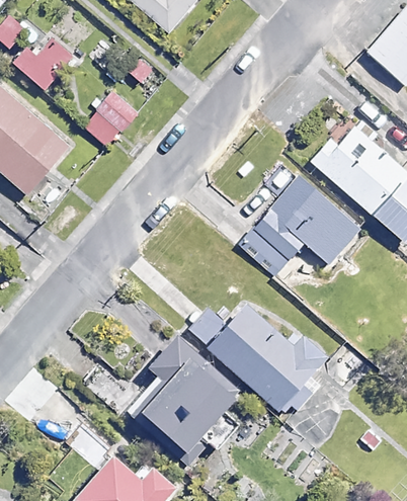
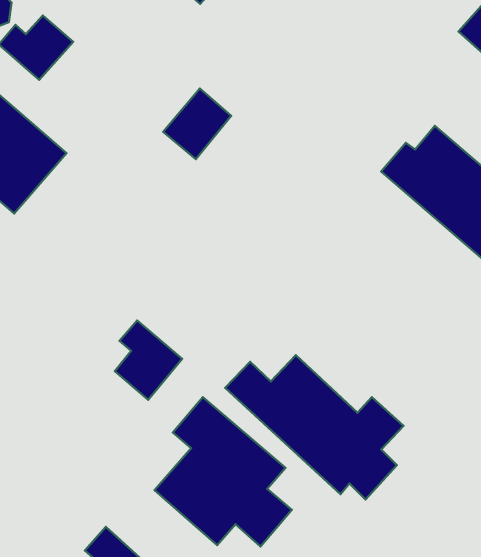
building: [83,91,136,146] -> [163,88,231,159]
building: [238,175,361,277] -> none
building: none -> [115,320,182,400]

